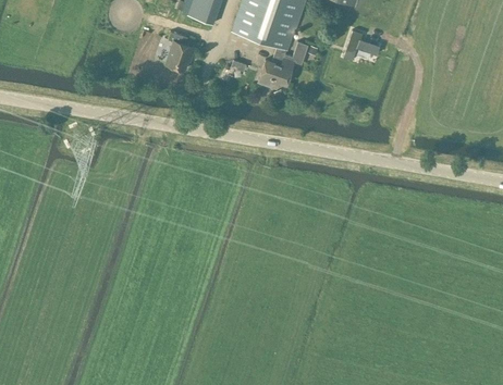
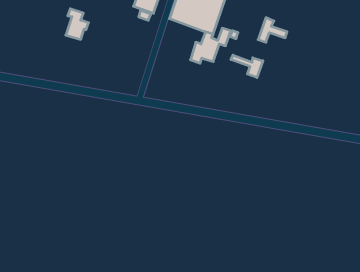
building: [167,33,195,71] -> [66,9,89,39]
building: none -> [231,55,263,78]

